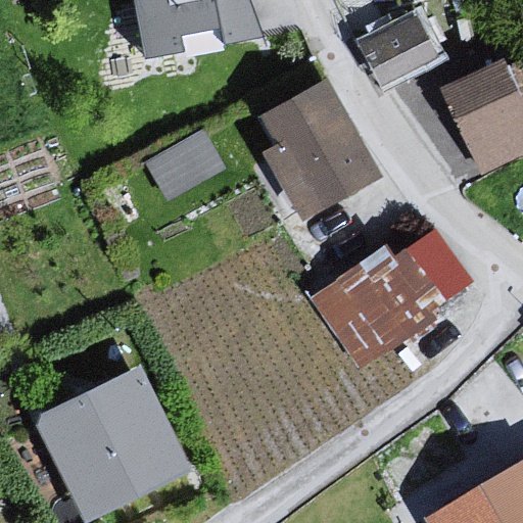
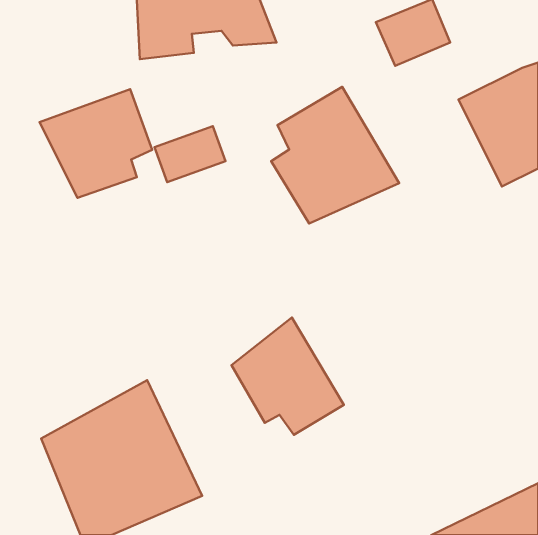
building: none -> [39,89,152,198]
building: [305,233,467,367] -> none
building: none -> [232,318,344,435]

